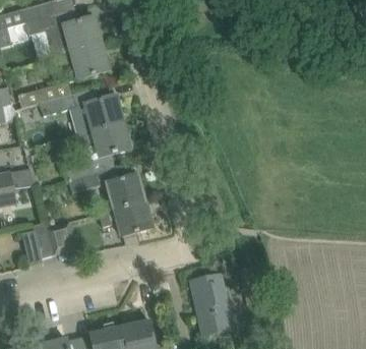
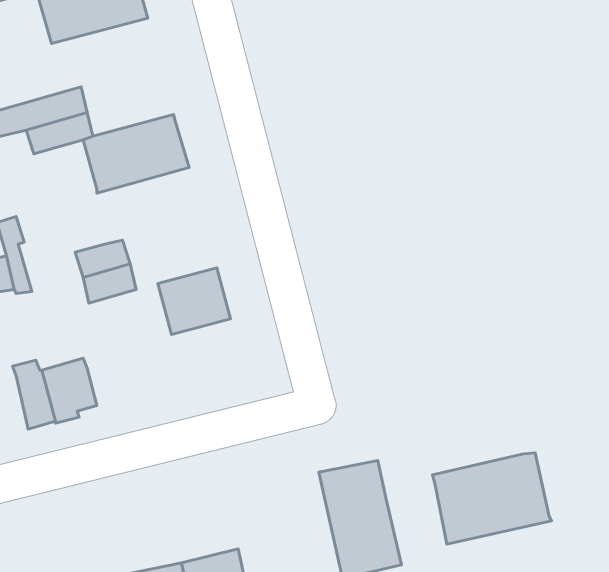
building: [52,45,109,78] -> none
building: [72,122,130,158] -> none
building: [98,200,151,236] -> none
building: none -> [433,453,551,544]

